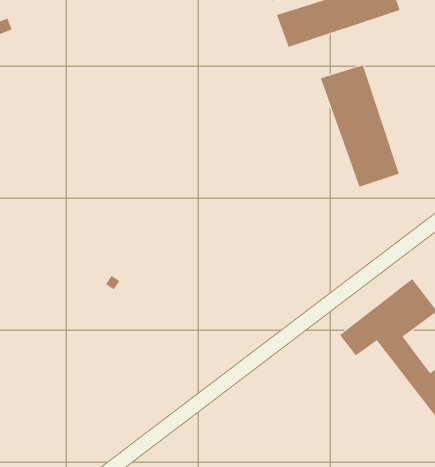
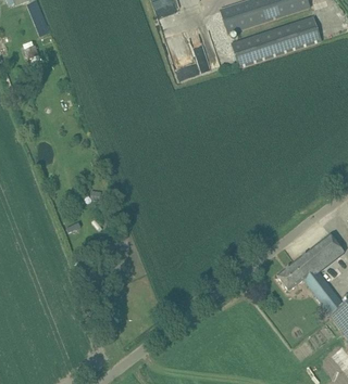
building: [320,64,400,187] -> none

